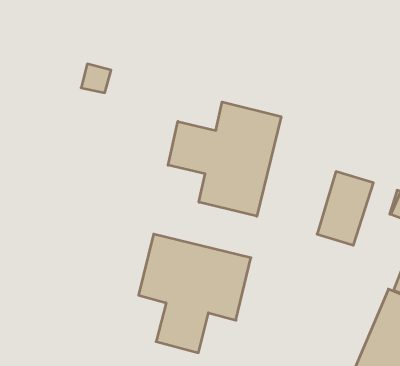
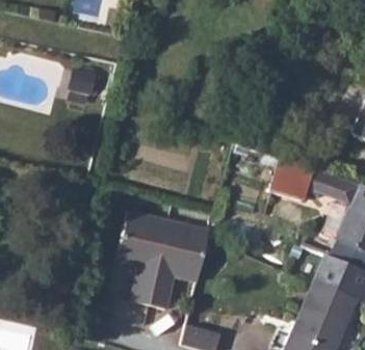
building: [168,102,281,216] -> none

